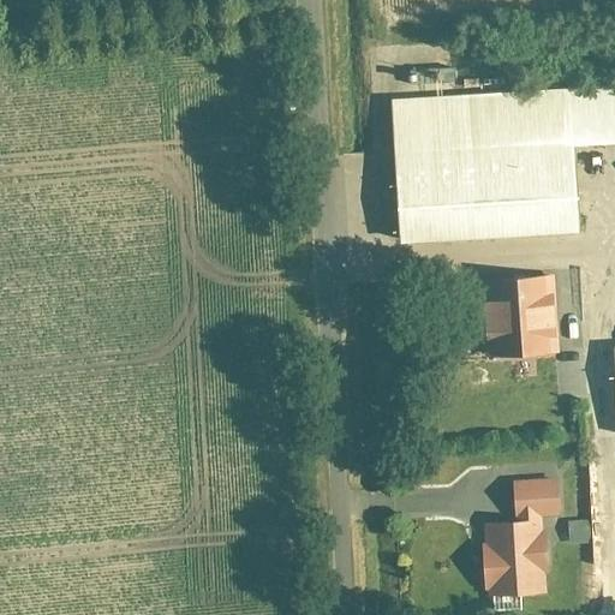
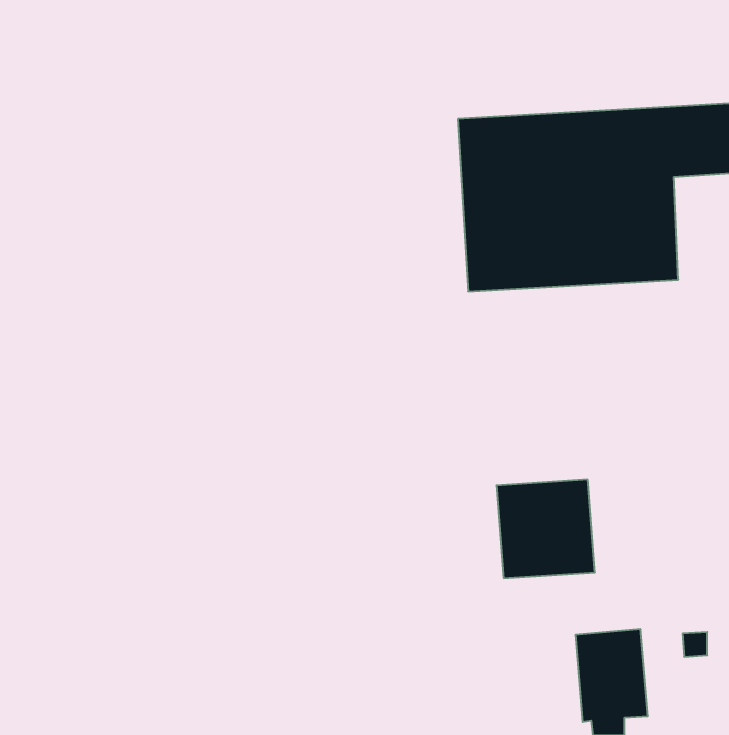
building: [486,275,568,357] -> [496,480,595,578]
building: [520,477,560,513] -> none

